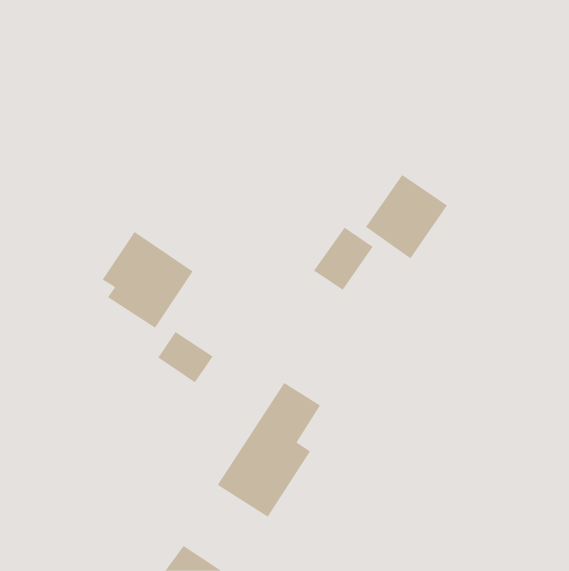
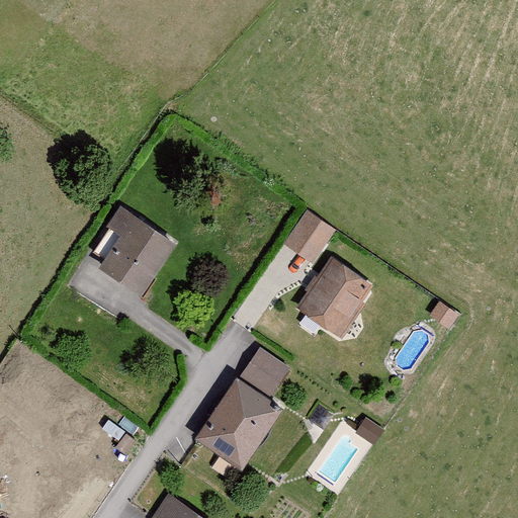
building: [365,174,448,259] -> [296,259,371,336]
building: [157,331,214,383] -> none

